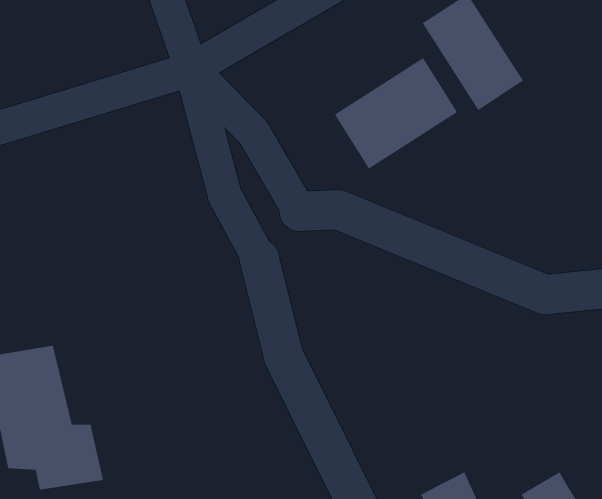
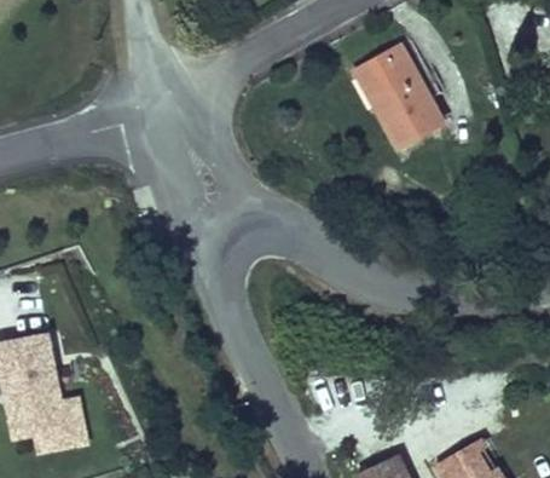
building: [334,57,458,170] -> none

